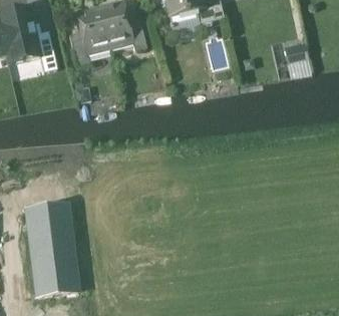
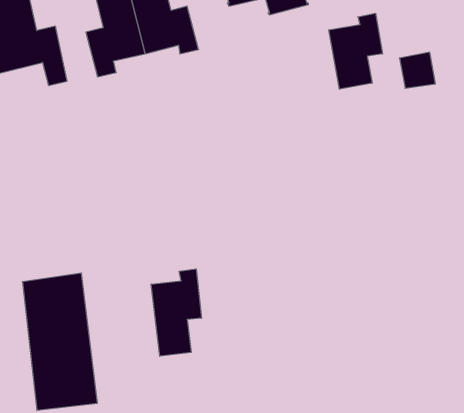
building: none -> [329,13,382,89]
building: none -> [151,269,201,356]

